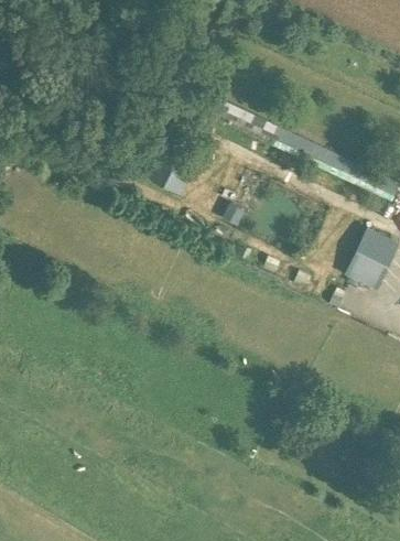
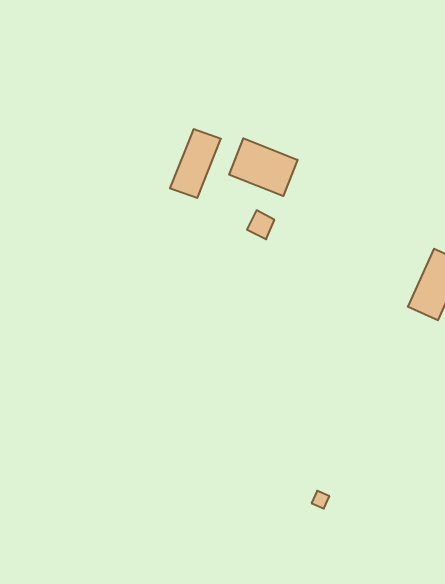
building: none -> [229,138,298,196]

